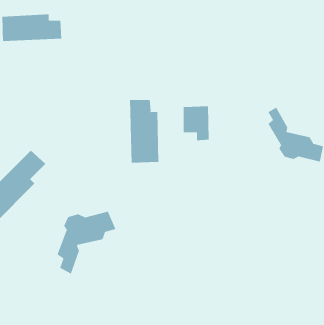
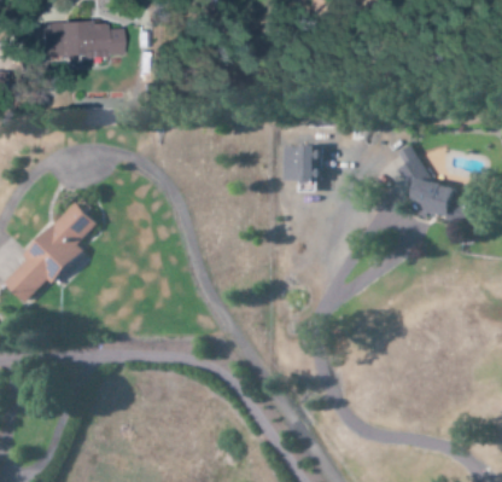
building: [130,99,159,164] -> none
building: [57,211,116,275] -> none

